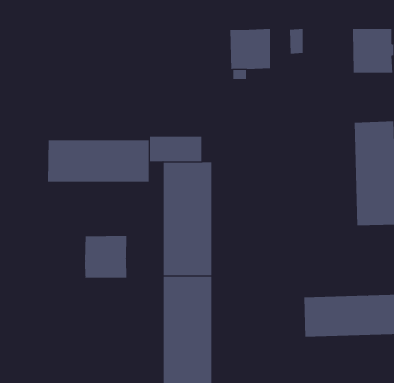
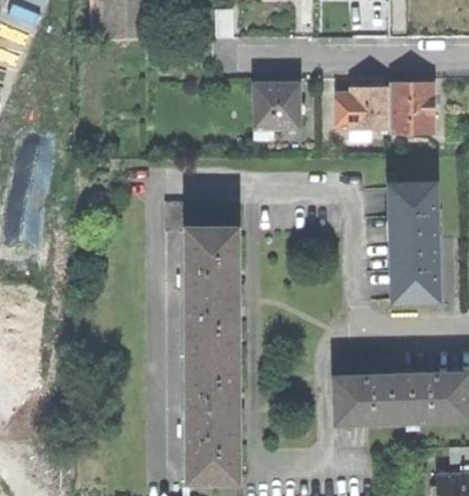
building: none -> [354,82,392,129]
building: [48,139,149,182] -> none
building: [85,235,127,279] -> none

